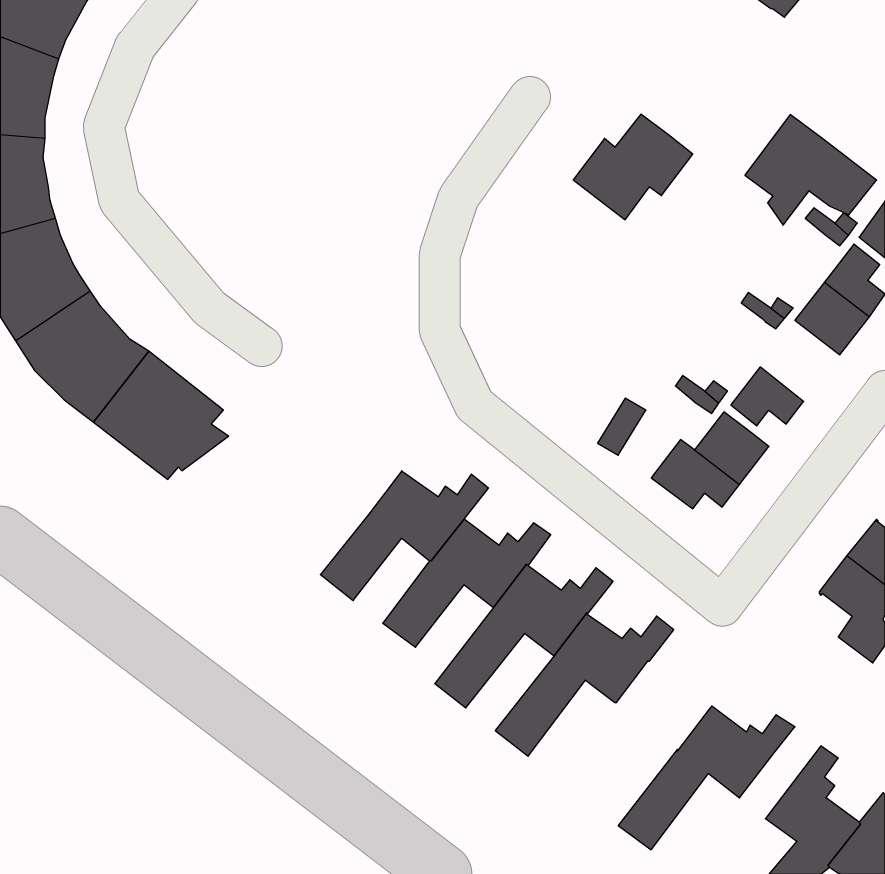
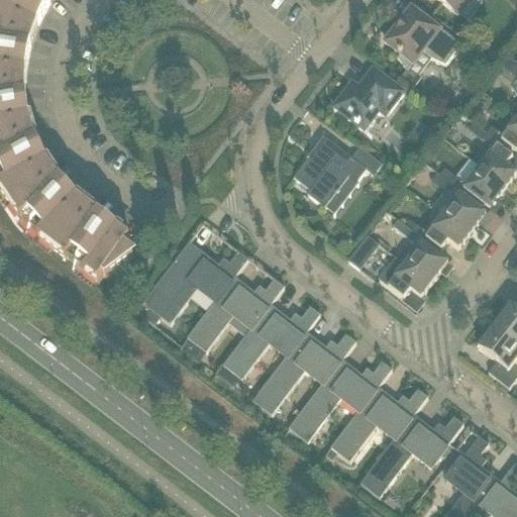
building: [745,115,877,225] -> [385,4,461,69]
building: none -> [294,137,383,207]
building: none -> [443,192,486,234]
building: none -> [137,241,248,323]
building: none -> [331,386,428,460]

